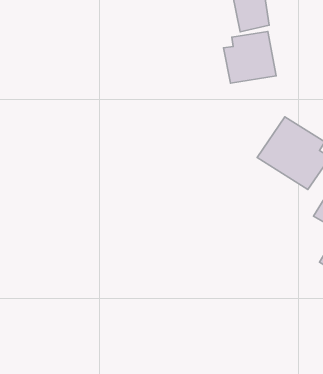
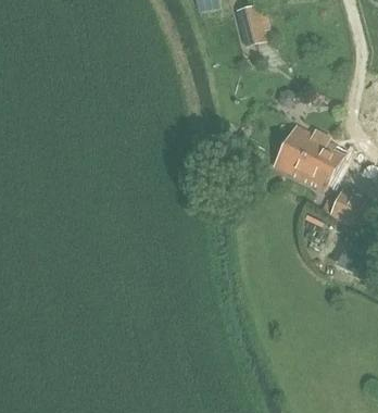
building: [224,31,276,83] -> none

